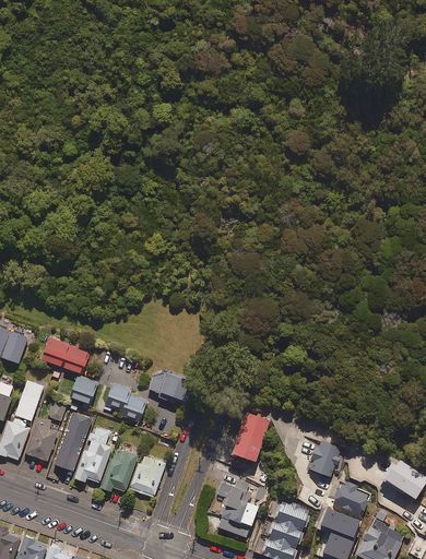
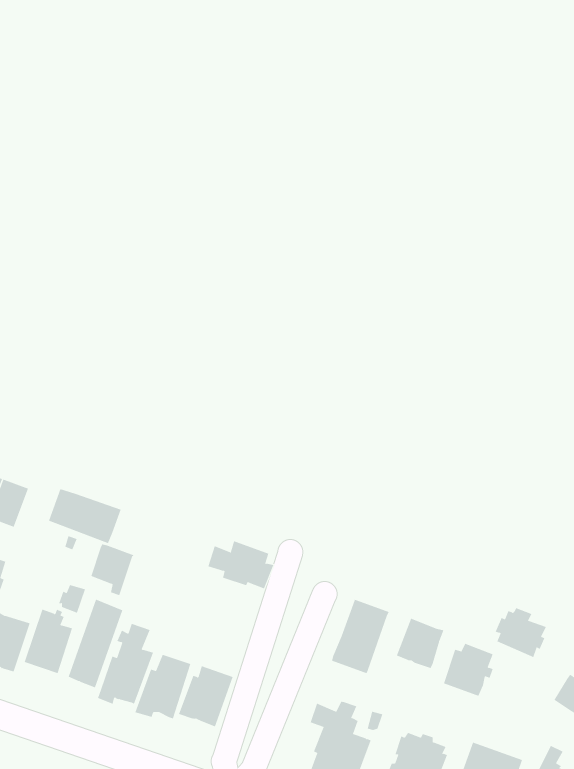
building: [14,380,43,421] -> none
building: [103,383,146,421] -> none
building: none -> [396,618,444,669]
building: [332,481,367,515] -> [495,607,547,658]

